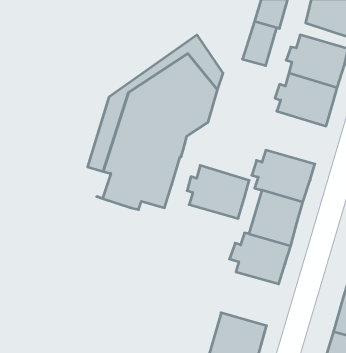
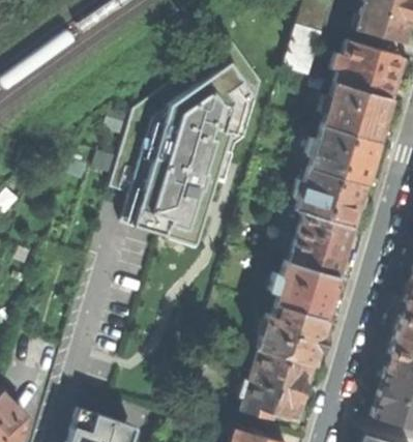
building: [187,165,249,218] -> [308,126,378,185]
building: none -> [259,305,325,365]

